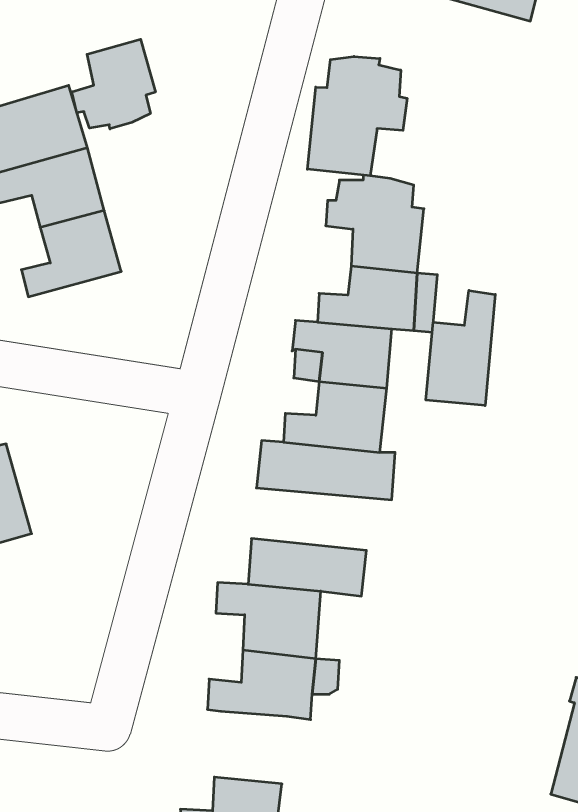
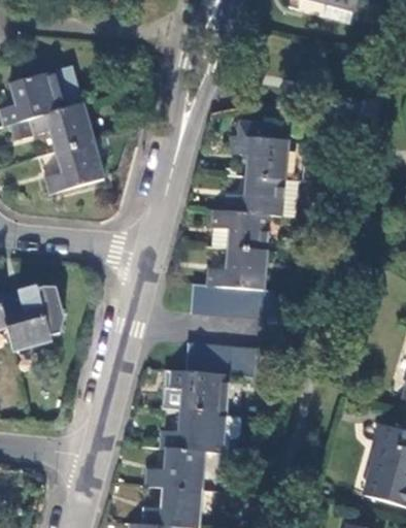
building: [72,39,155,129] -> none
building: [307,56,407,176] -> none
building: [426,290,495,406] -> none
building: none -> [143,448,206,492]

